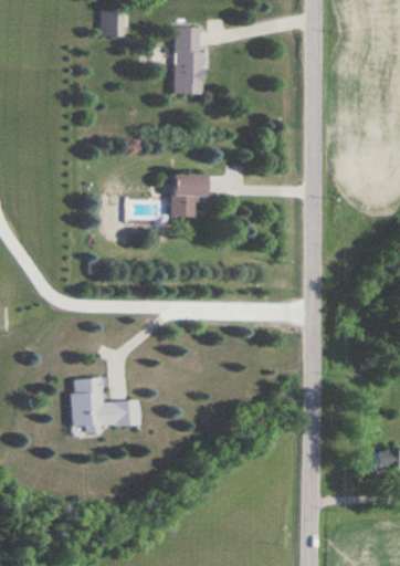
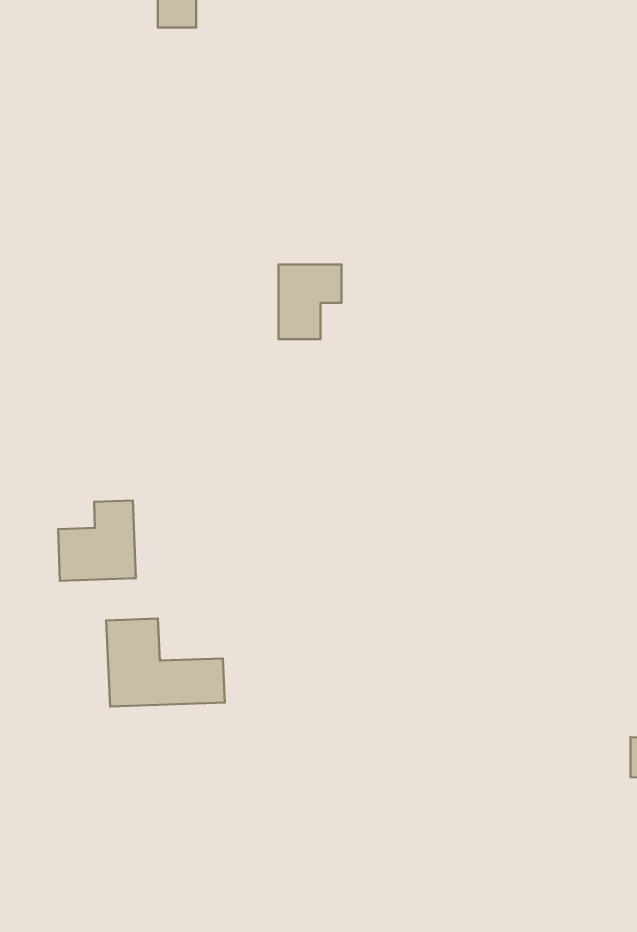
building: [175,28,202,94] -> none
building: none -> [58,500,136,581]

